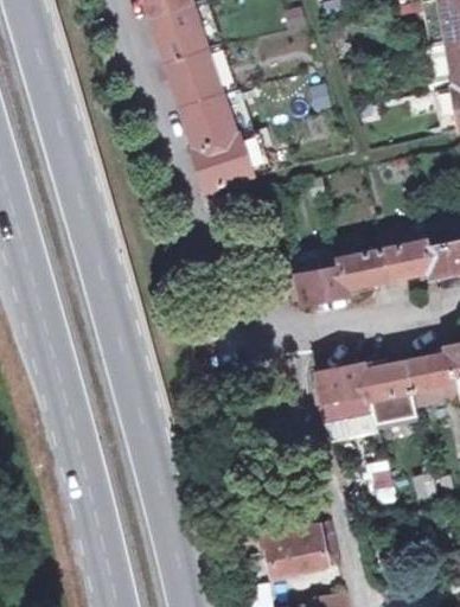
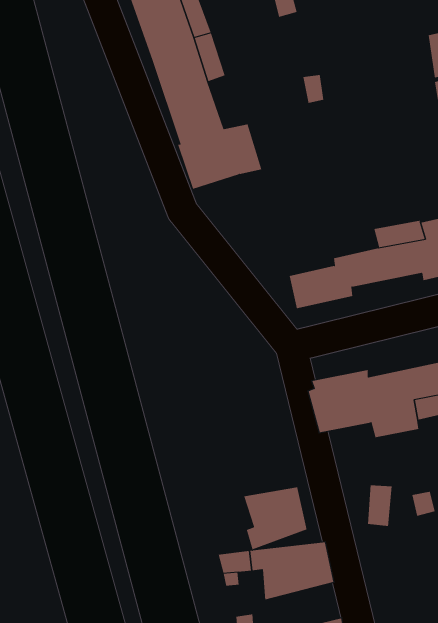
building: none -> [244,487,307,550]

